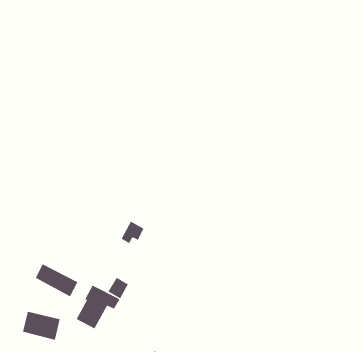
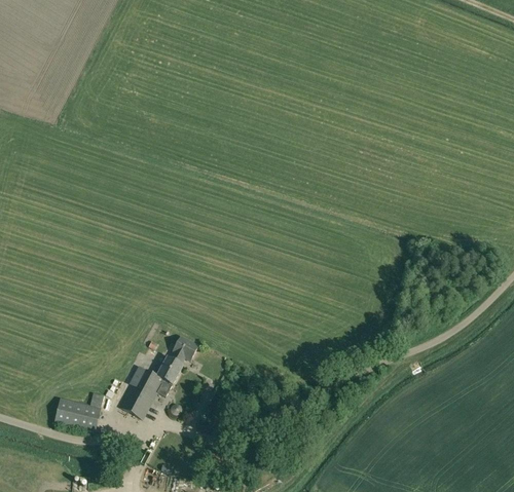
building: [121,221,144,244] -> [170,335,197,363]
building: [35,263,78,297] -> none

